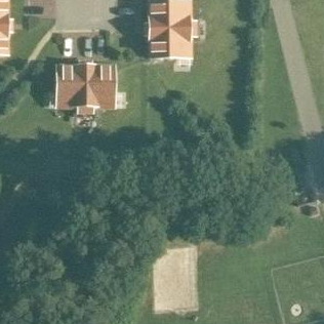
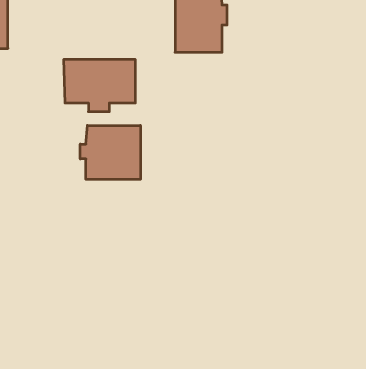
building: none -> [80,125,140,179]

